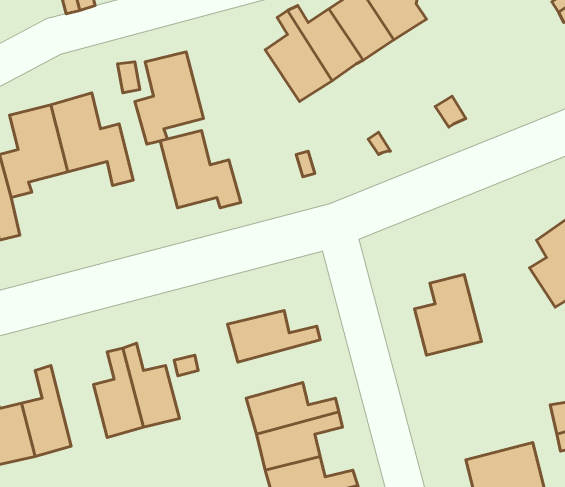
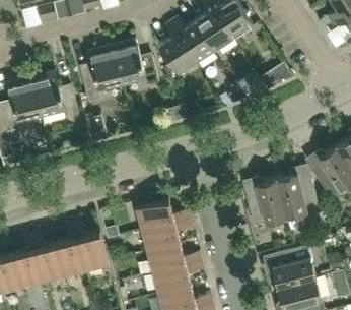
building: [160,131,241,208] -> [111,40,158,85]
building: none -> [275,173,318,218]
building: none -> [141,216,192,251]
building: none -> [30,230,64,280]
building: none -> [271,245,315,288]

